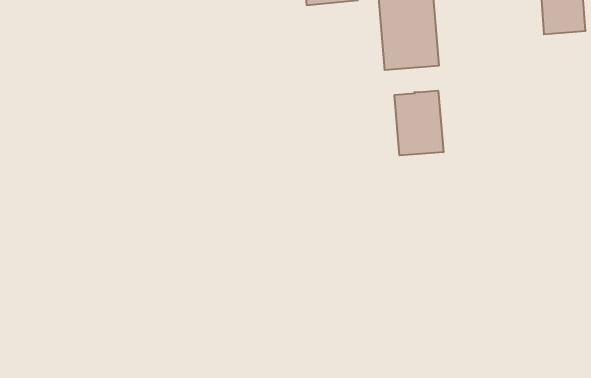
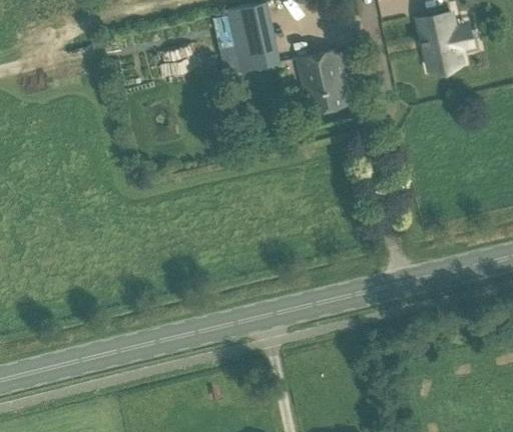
building: [395,91,443,155] -> none

